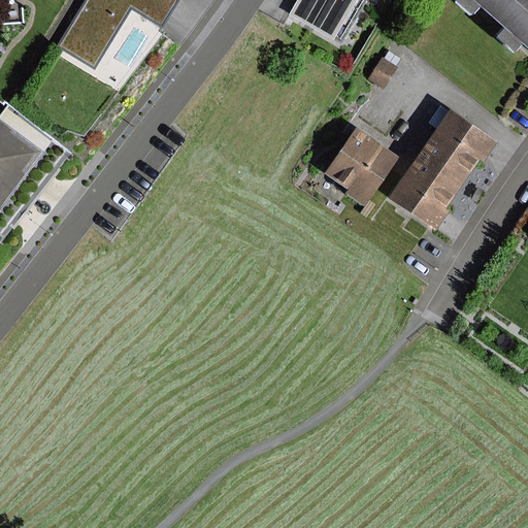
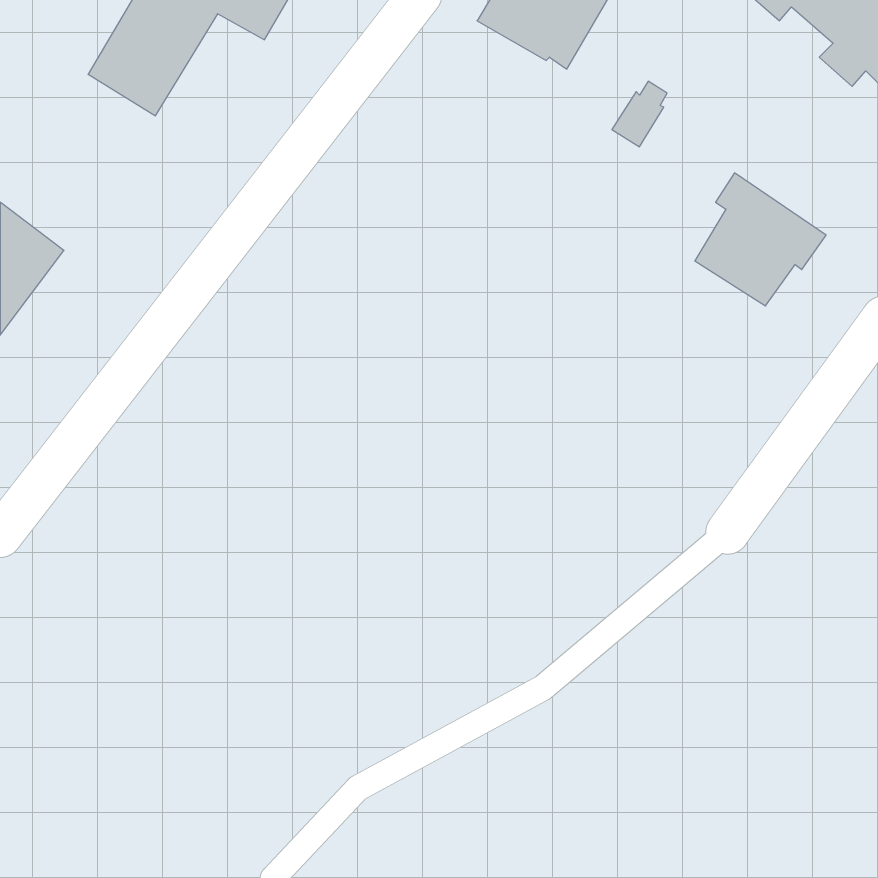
building: [322,125,397,204] -> none
building: [392,156,460,225] -> none

